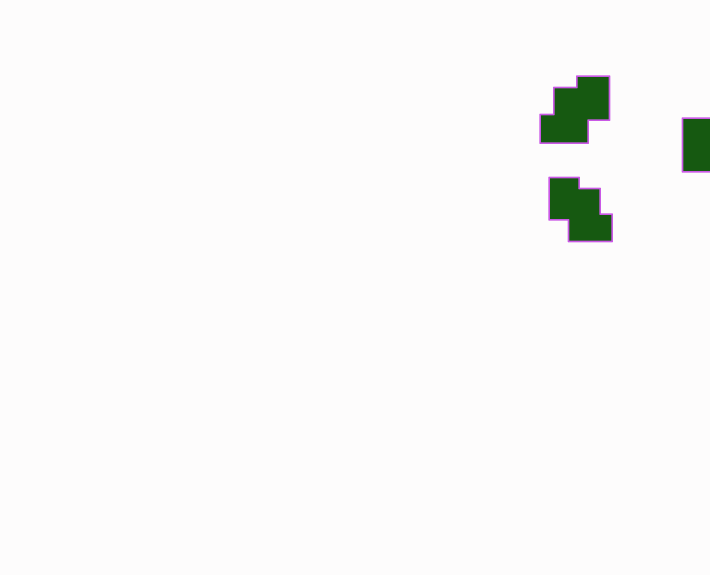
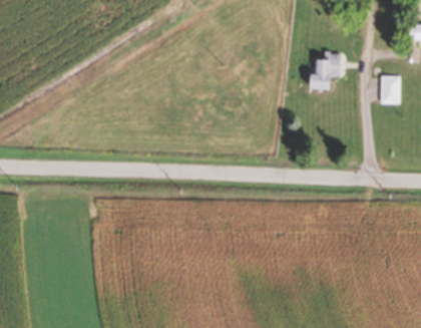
building: [549,178,612,242] -> none

